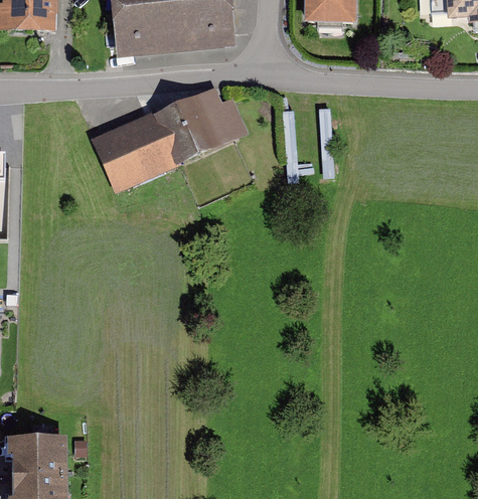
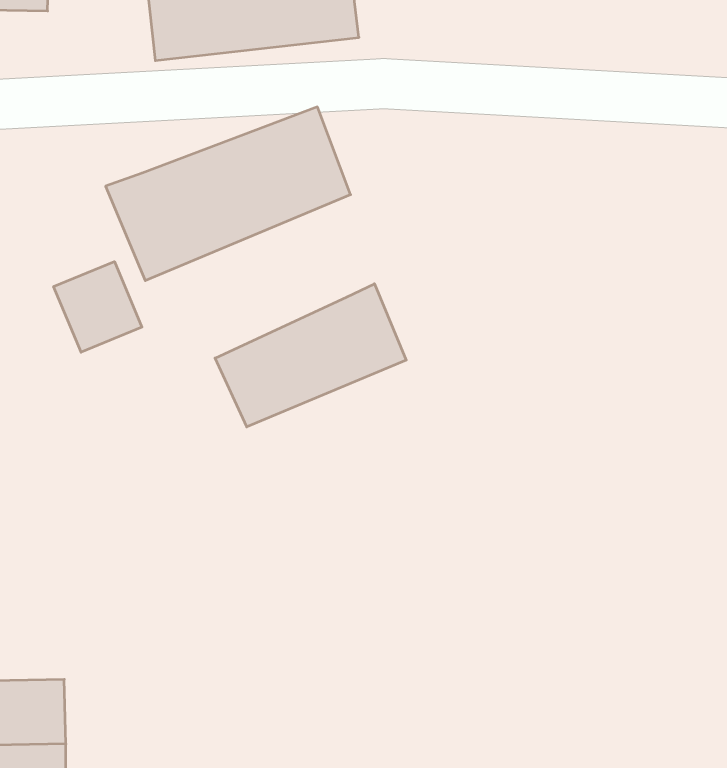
building: none -> [54,262,142,352]
building: none -> [215,284,406,427]

